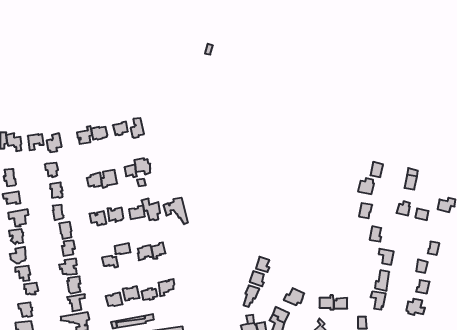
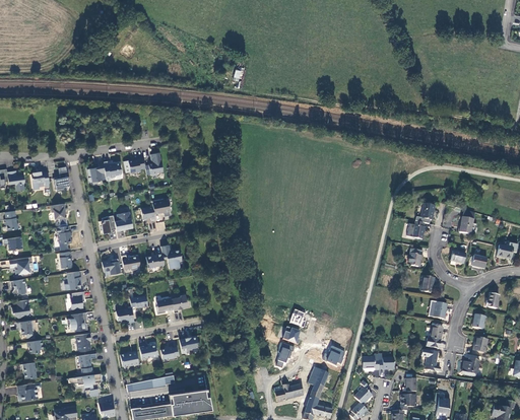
building: [164,198,188,224] -> none

